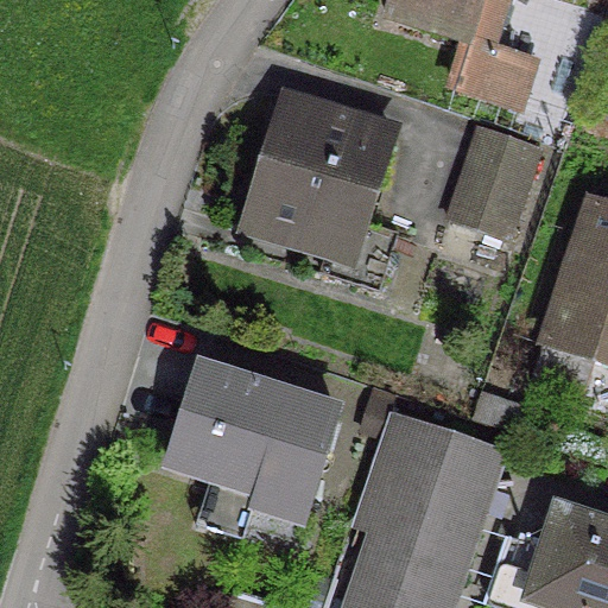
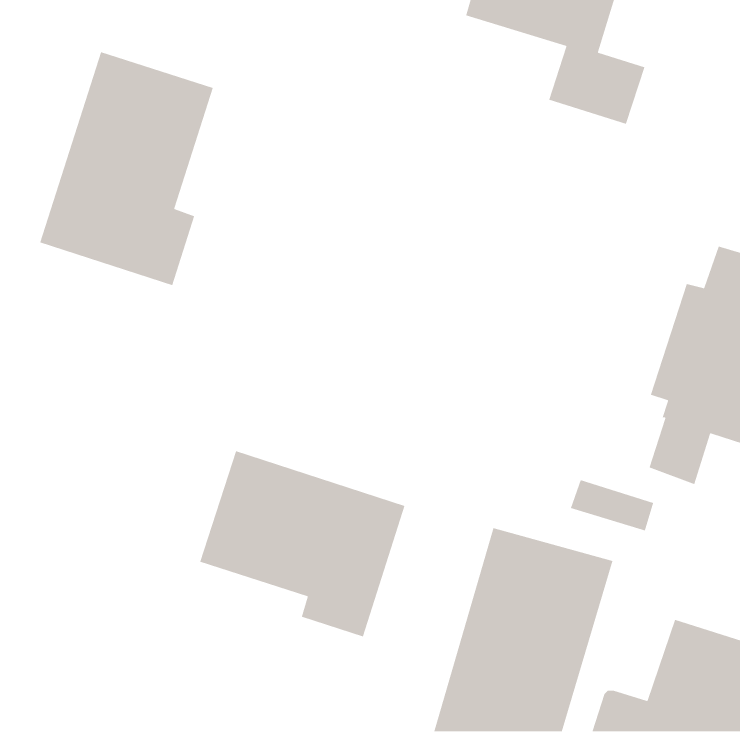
building: none -> [39,51,214,286]
building: [240,99,390,285] -> none
building: [444,126,534,236] -> none

